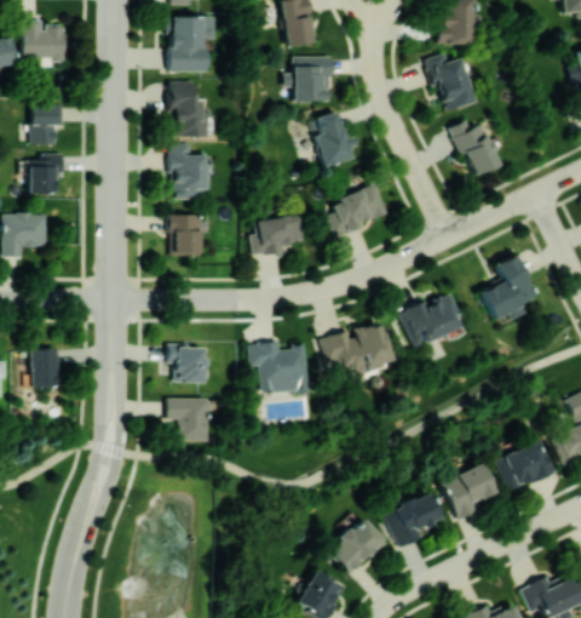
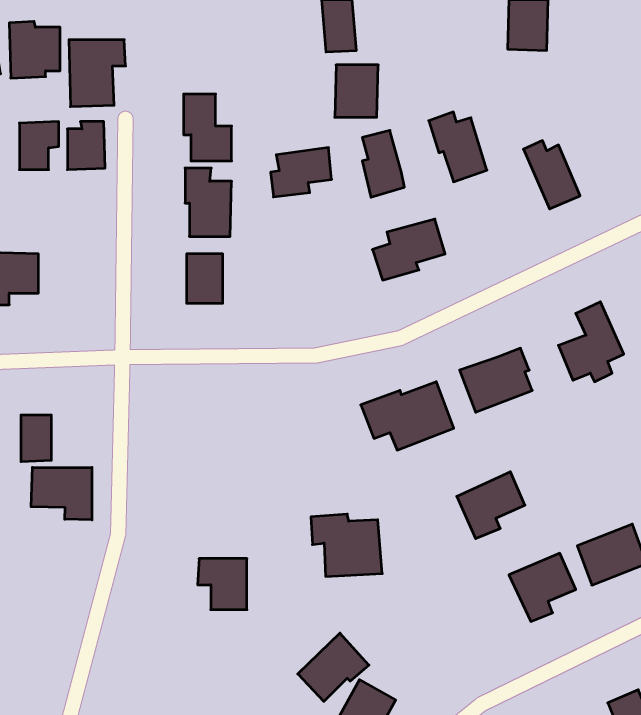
building: [171,17,218,73] -> [69,40,126,107]
building: [426,53,474,111] -> [429,112,487,182]
building: [31,154,63,194] -> [67,122,105,170]
building: [253,214,304,256] -> [271,148,332,197]
building: [249,342,309,394] -> [311,514,382,576]
building: [168,345,207,383] -> none
building: none -> [31,467,92,520]
building: [168,399,209,441] -> [198,559,247,610]
building: [385,492,442,548] -> [457,472,525,539]
building: [329,517,389,574] -> [298,633,369,701]

